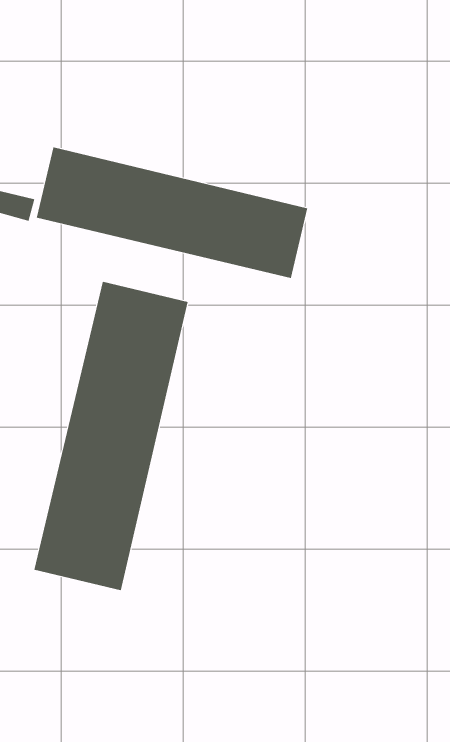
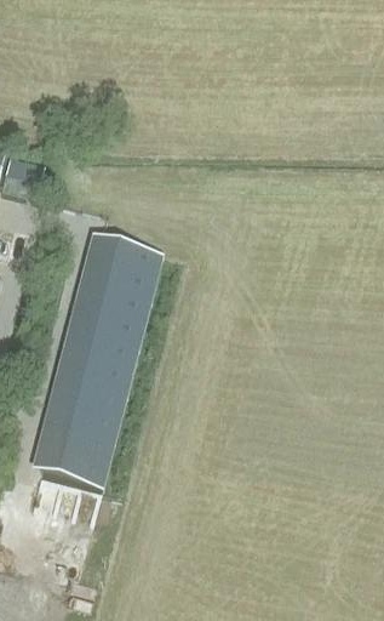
building: [36,146,308,279] -> none

